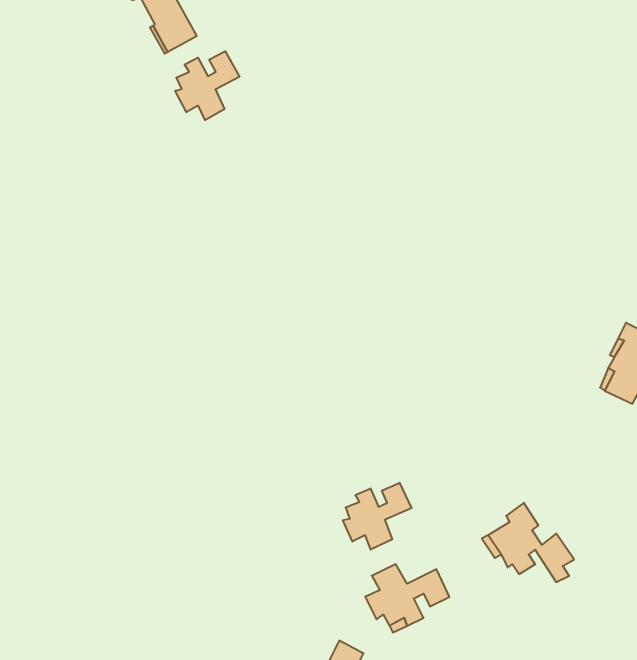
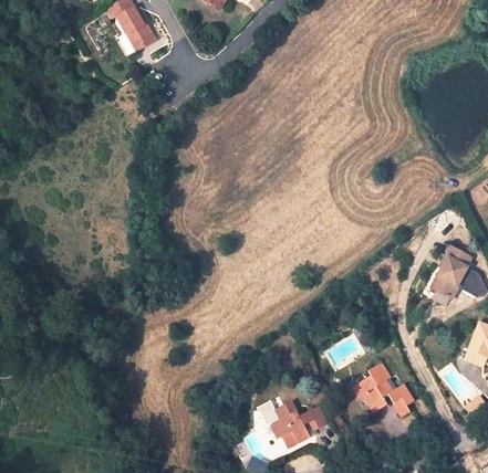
building: [175,51,239,120] -> none
building: [343,483,411,550] -> none

